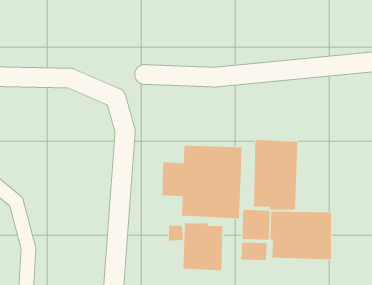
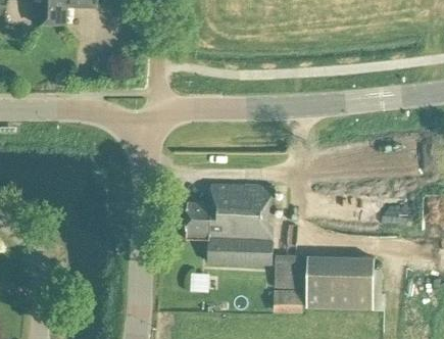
building: [253,139,298,211] -> none
building: [183,223,223,271] -> none

